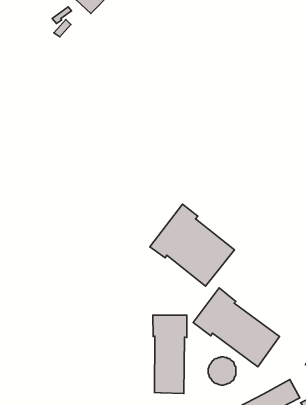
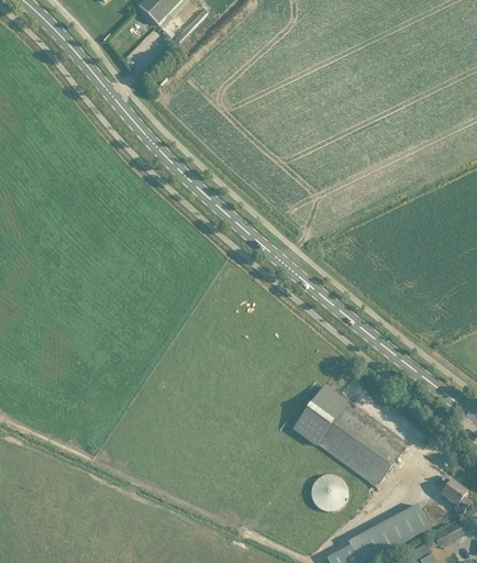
building: [150,204,234,286] -> none
building: [153,315,187,394] -> none

